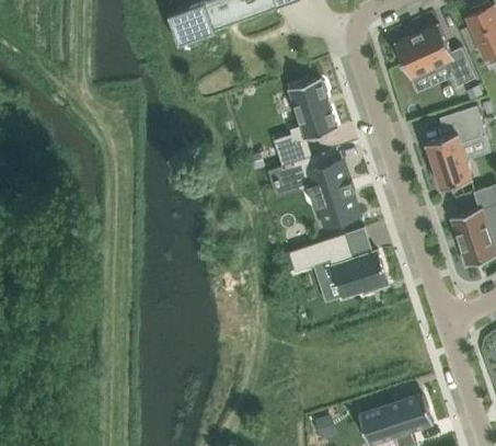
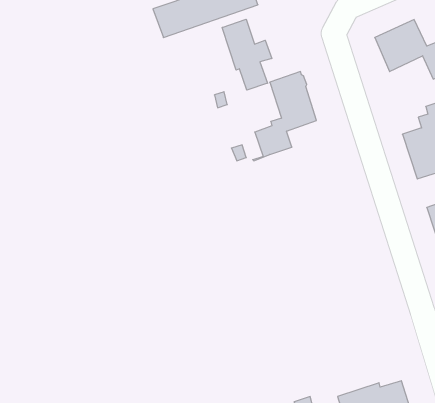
building: none -> [222,19,272,90]
building: [288,152,358,227] -> none
building: [288,235,388,299] -> none

